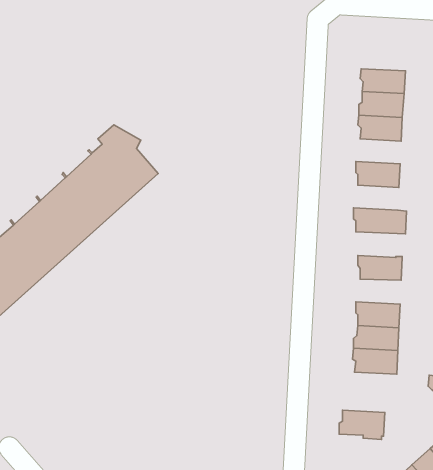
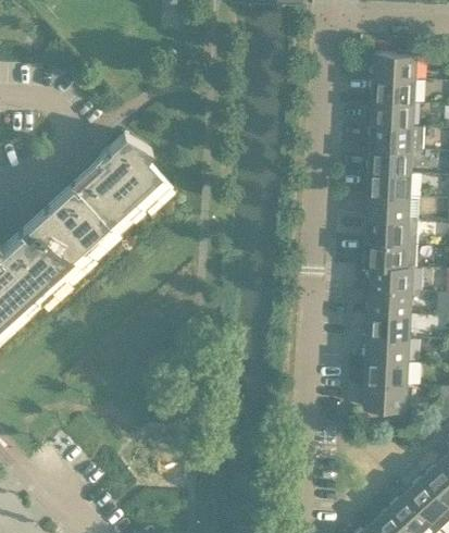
building: none -> [372,52,417,82]
building: none -> [366,150,412,175]
building: none -> [364,197,410,222]
building: none -> [362,244,416,270]
building: none -> [366,292,412,317]
building: [339,410,385,439] -> [362,385,408,414]

